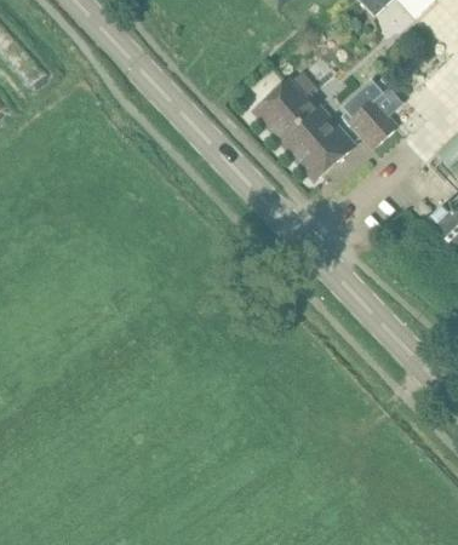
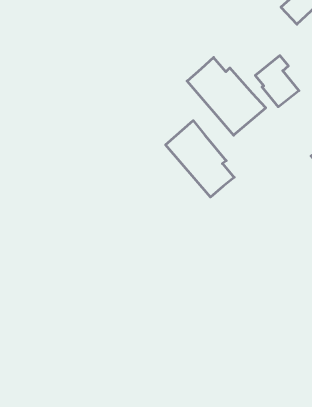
building: none -> [166,121,234,197]

